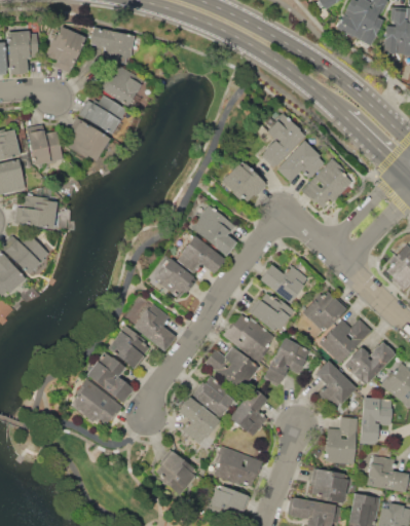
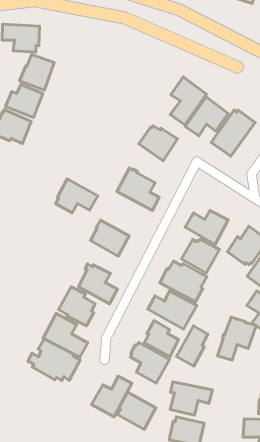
building: [178,234,225,272] -> [56,179,98,213]
building: [263,337,310,384] -> [217,317,256,360]
building: none -> [92,376,132,417]

